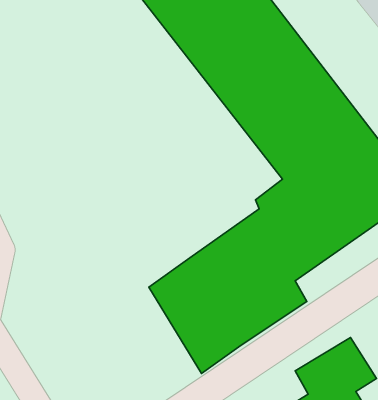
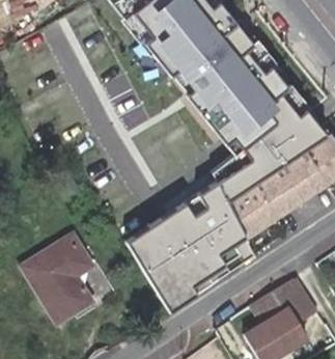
building: none -> [23,232,95,324]

